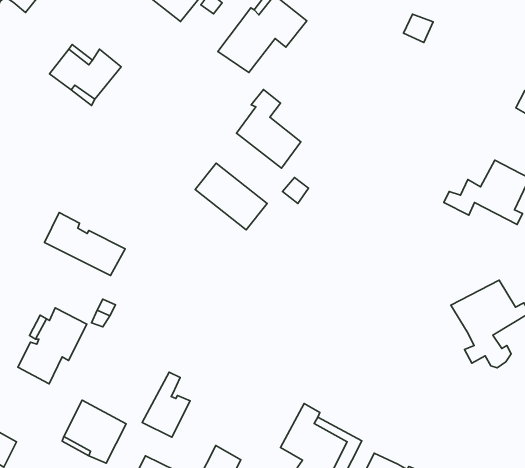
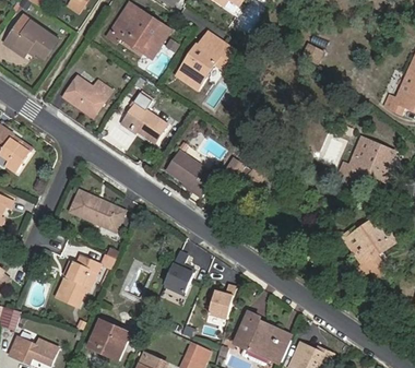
building: [237,89,301,168] -> [126,93,169,145]
building: none -> [209,283,236,318]
building: [142,372,190,437] -> [163,249,194,293]

